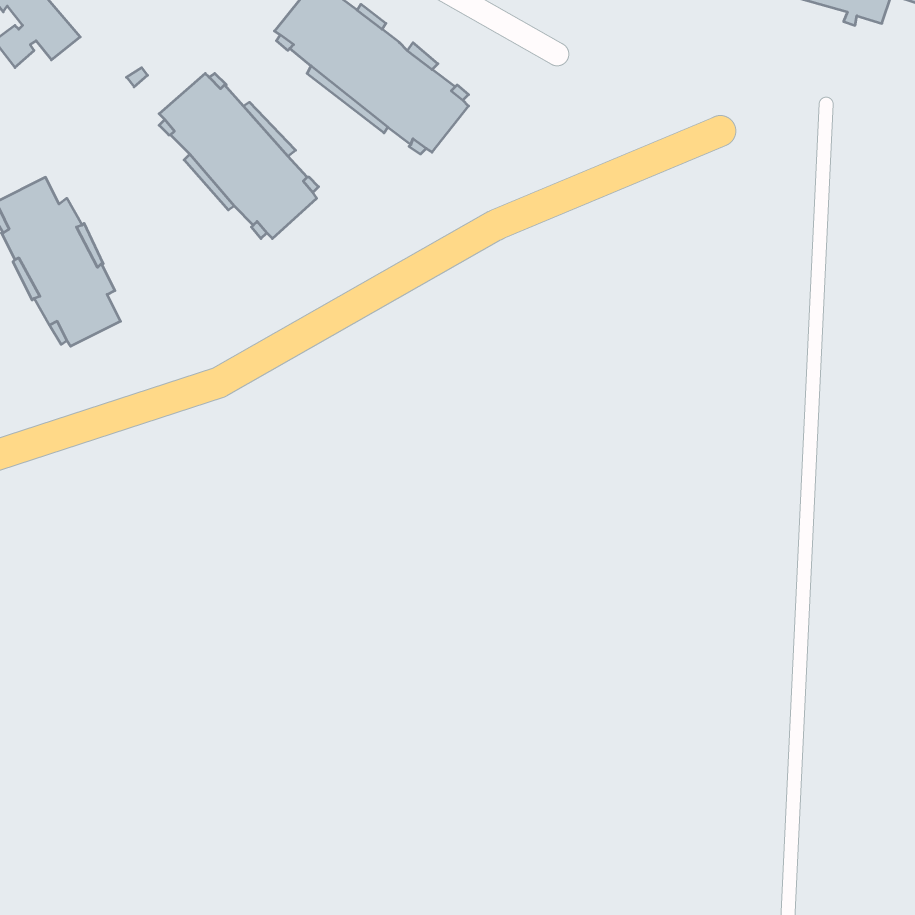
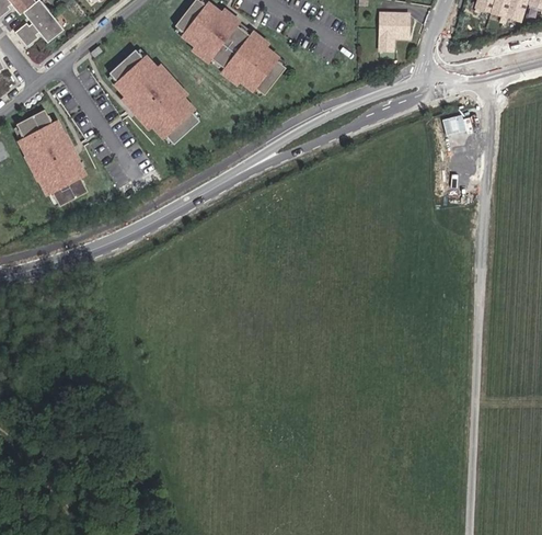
building: none -> [381,13,410,50]

